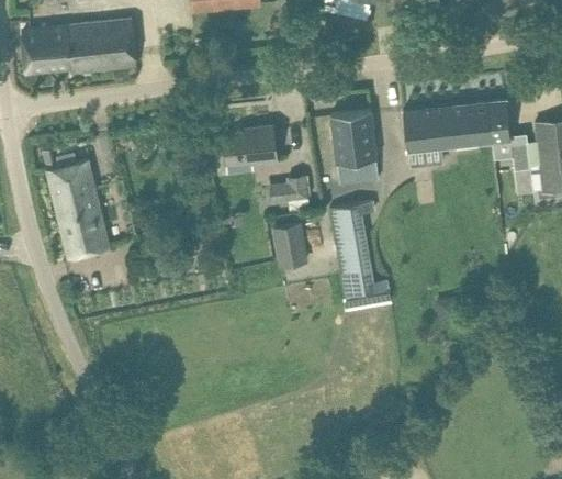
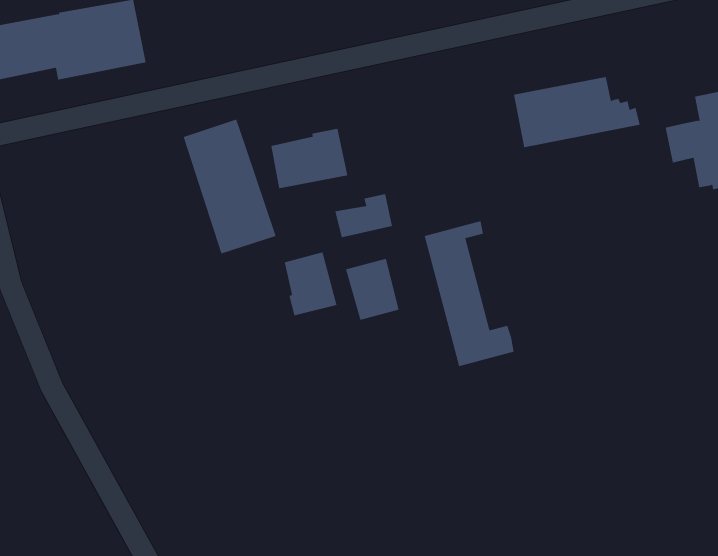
building: [472,100,510,142] -> none
building: [331,111,378,185] -> none
building: [47,160,110,258] -> [183,119,277,254]
building: none -> [284,252,337,316]

